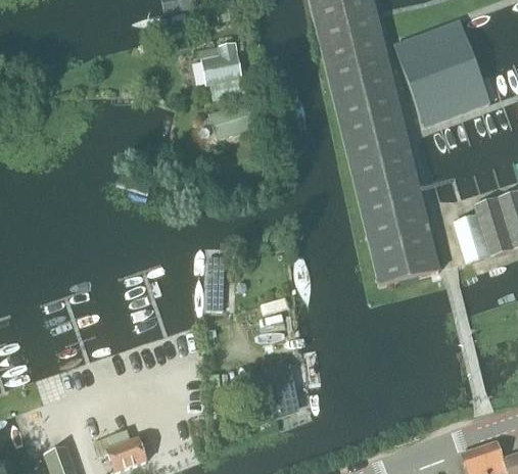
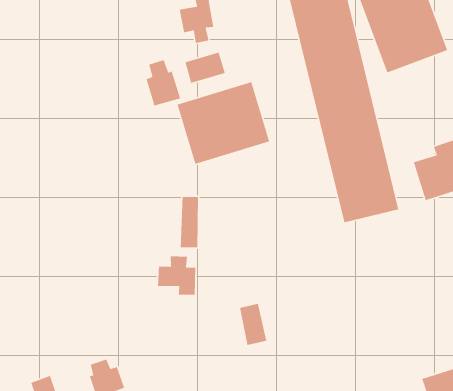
building: none -> [146,59,181,106]
building: none -> [177,81,270,165]
building: none -> [157,255,196,295]

